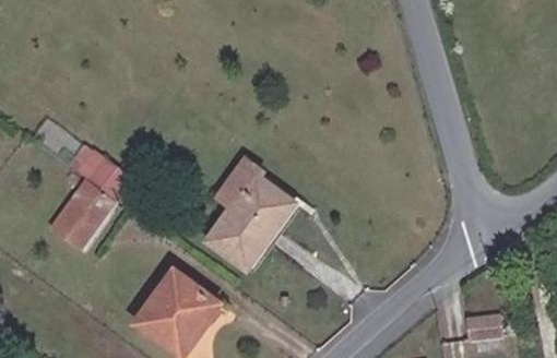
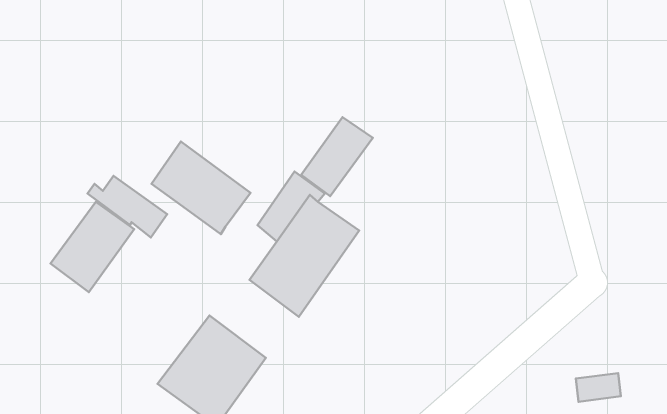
building: none -> [301,117,373,196]
building: none -> [152,141,250,234]

